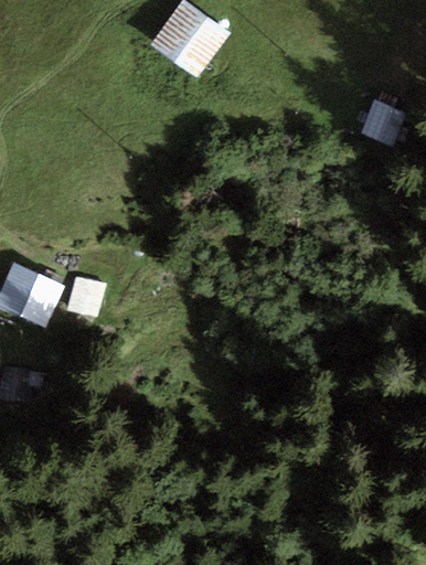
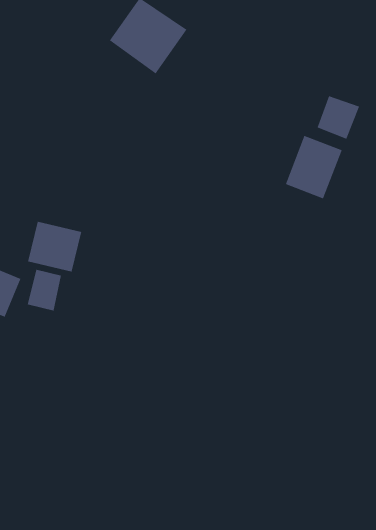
building: none -> [285,135,343,199]
building: none -> [27,221,82,273]

